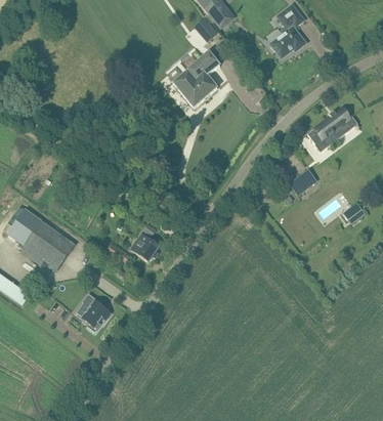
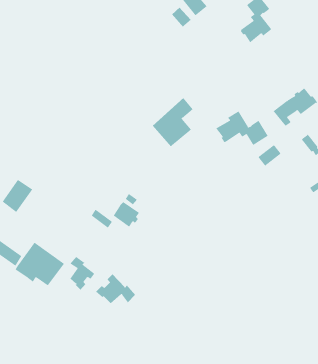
building: [173,52,219,108] -> [152,97,194,147]
building: none -> [216,111,268,146]
building: [20,220,76,269] -> [15,242,65,286]
building: none -> [95,274,136,304]

